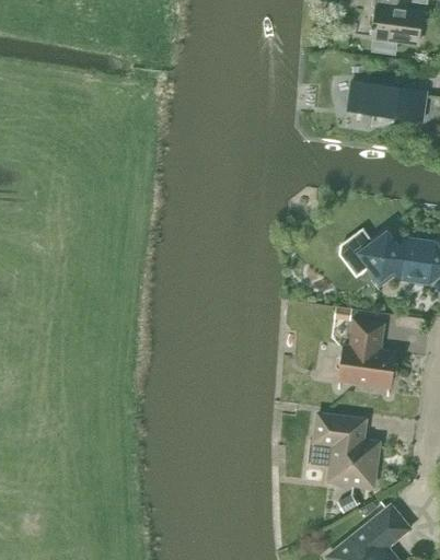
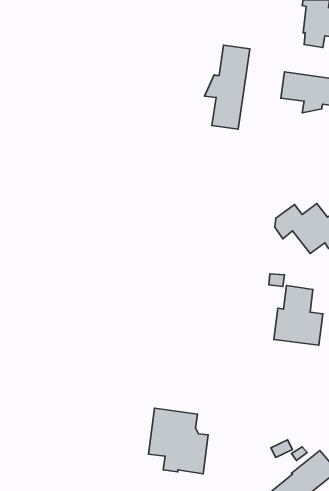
building: none -> [204,45,250,129]
building: [311,413,378,487] -> [149,408,208,474]

